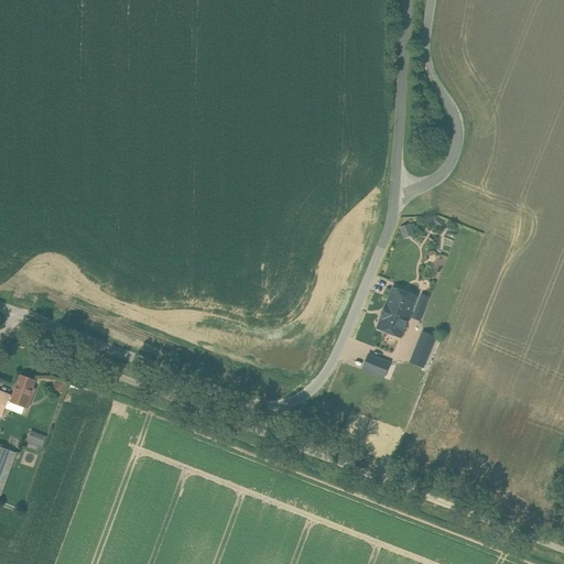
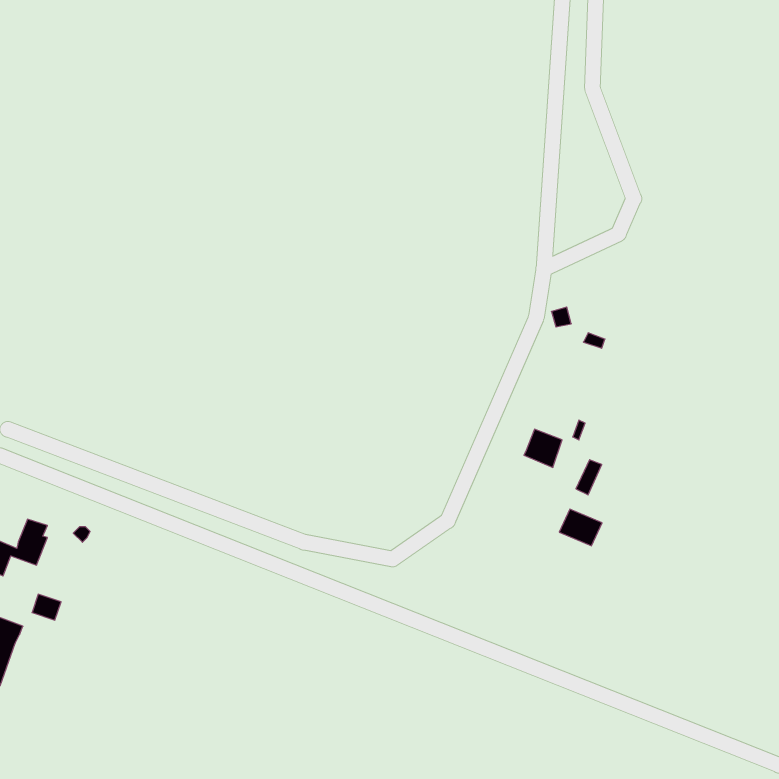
building: [386,288,414,317] -> none
building: [358,350,389,377] -> [559,509,602,546]

